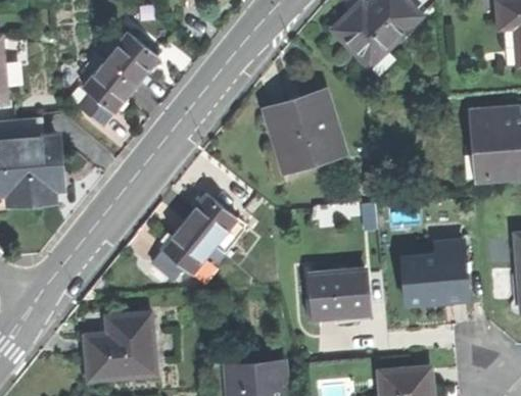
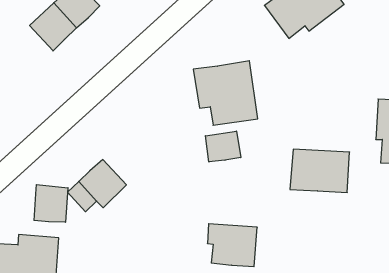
building: none -> [205,131,241,162]
building: [185,194,237,246] -> none
building: [404,253,469,303] -> [290,149,350,192]
building: none -> [34,185,68,222]

